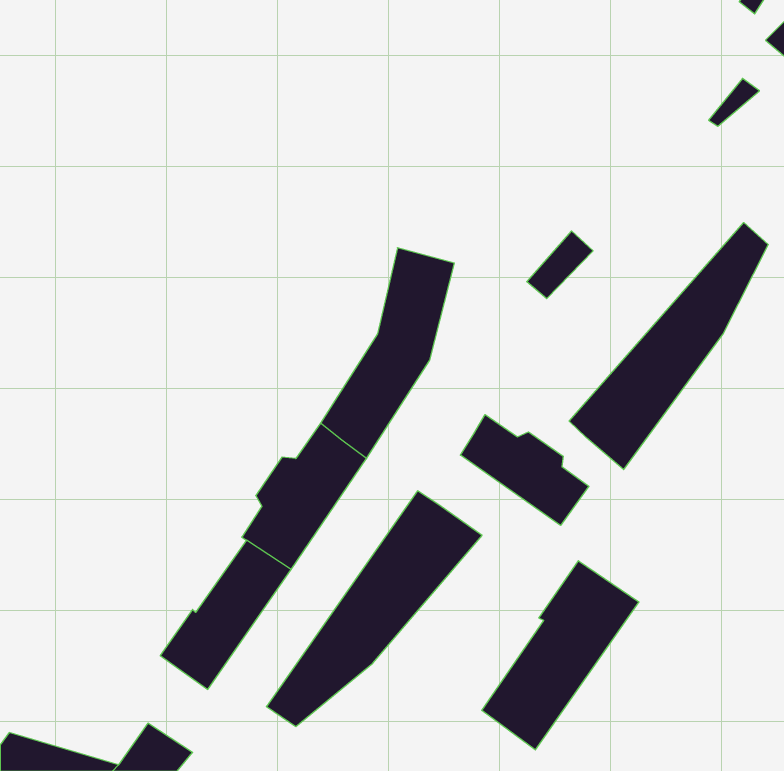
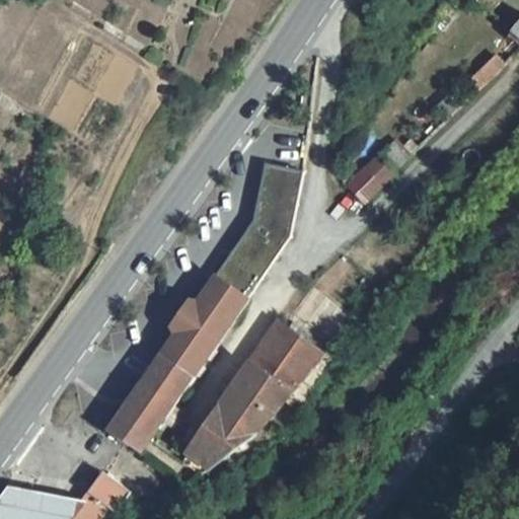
building: [569,223,768,470] -> none
building: [460,415,589,525] -> none
building: [482,561,639,750] -> none

